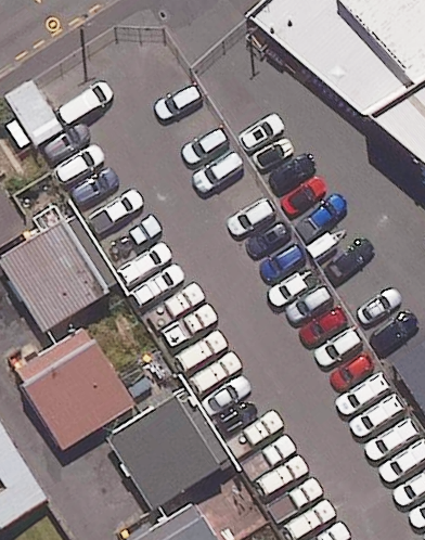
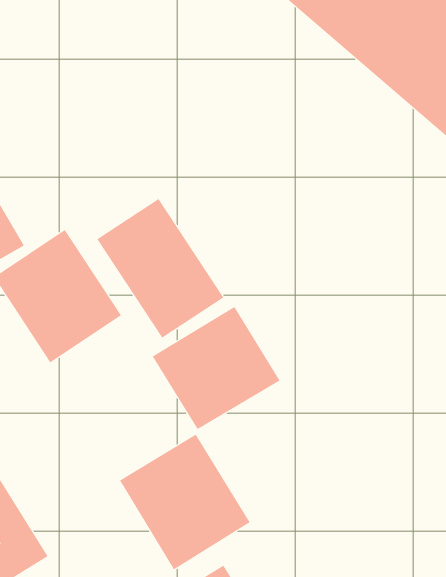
building: none -> [96,198,224,338]
building: [23,338,133,445] -> [152,306,280,430]

